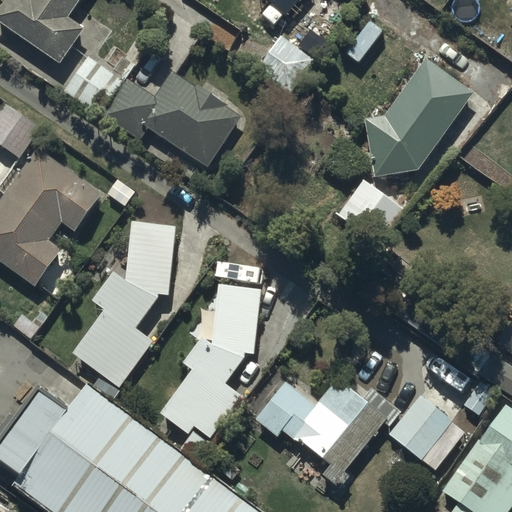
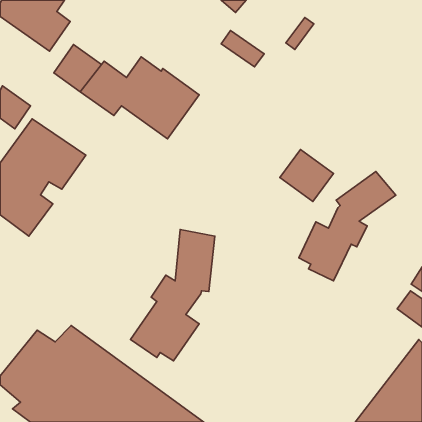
building: [363,53,474,177] -> none
building: none -> [299,172,396,281]
building: [70,218,177,384] -> none
building: [256,375,401,486] -> none
building: [388,393,465,469] -> none

